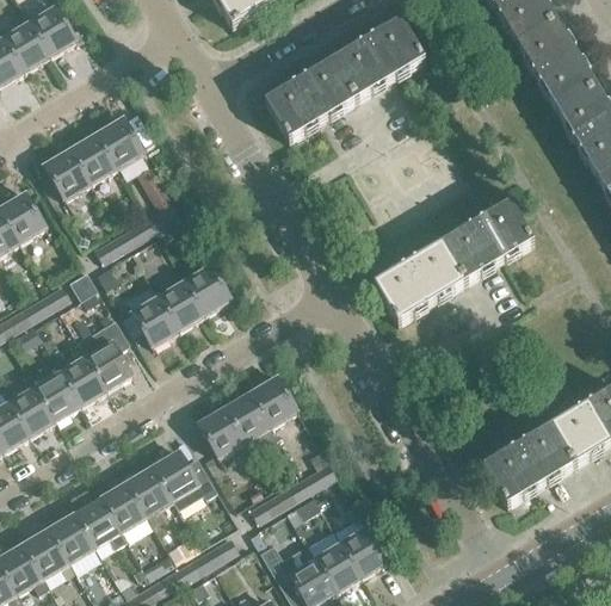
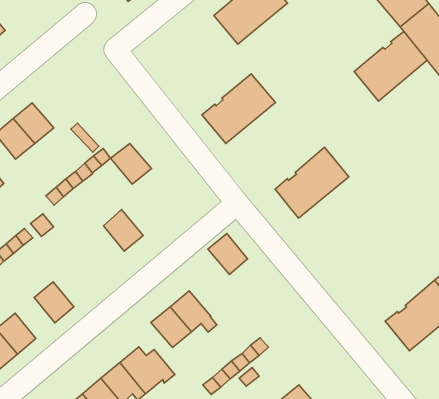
building: [265,61,357,141] -> [202,74,275,143]
building: [95,117,143,167] -> none
building: [443,203,533,283] -> [354,32,427,101]
building: [184,265,232,315] -> [111,143,151,184]
building: [132,296,179,346] -> none
building: [79,319,134,389] -> none
building: [35,370,81,420] -> none
building: [251,376,297,426] -> [208,234,248,274]

